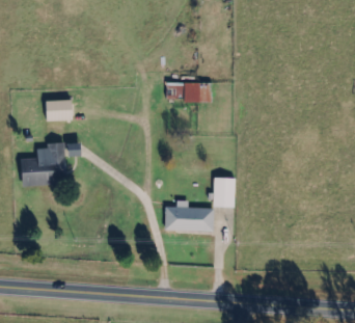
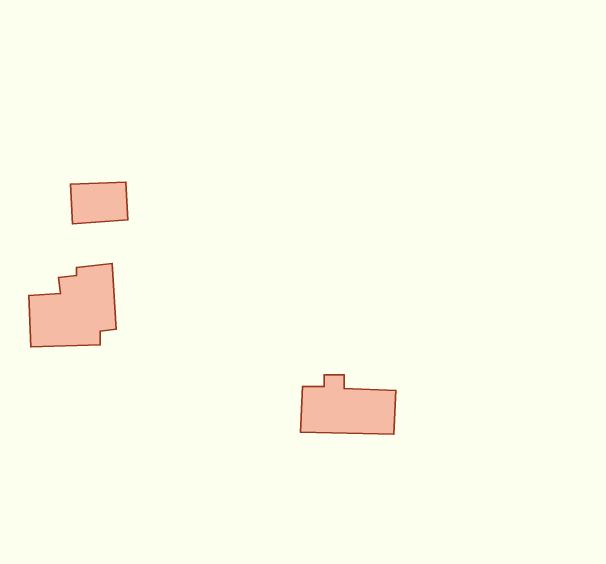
building: [166,82,212,101] -> none
building: [213,178,236,208] -> none

